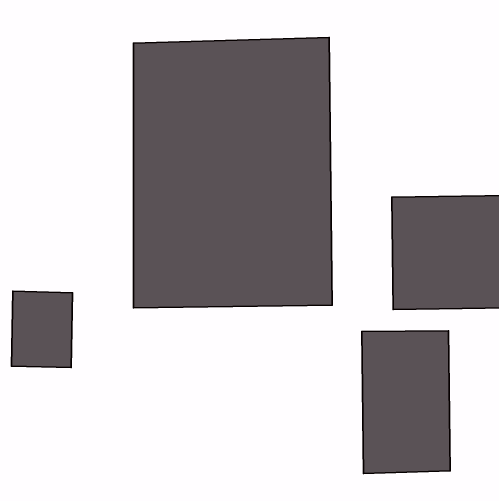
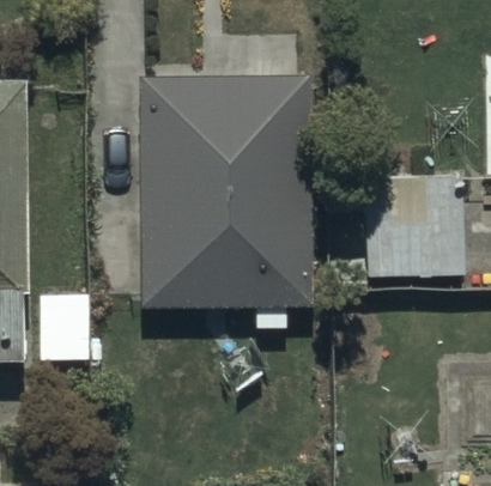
building: [362,331,450,474] -> none

